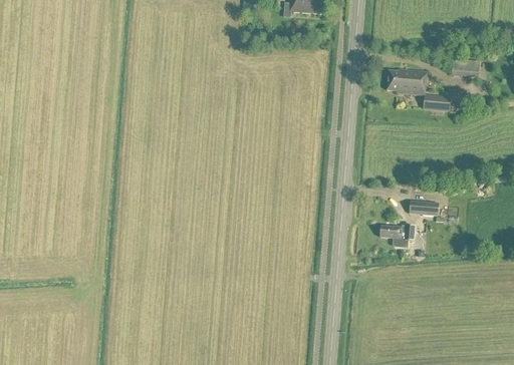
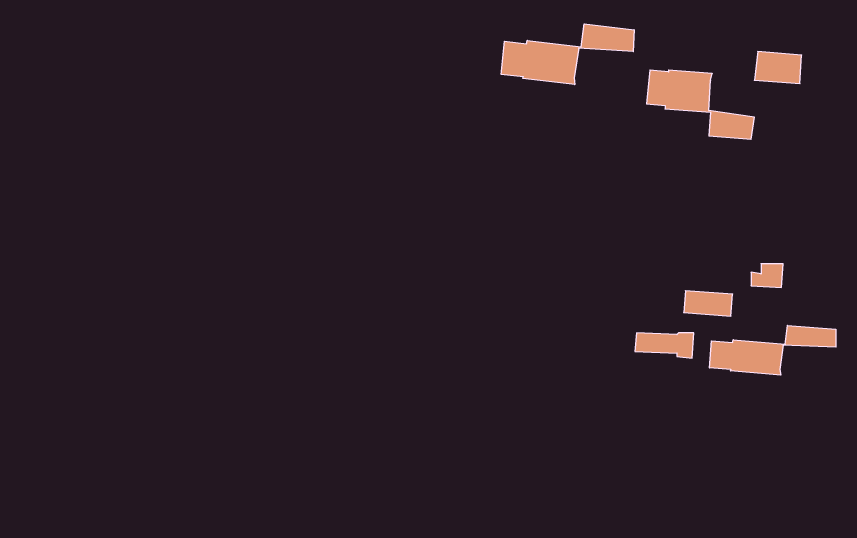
building: none -> [501,24,634,85]
building: none -> [710,325,836,375]

